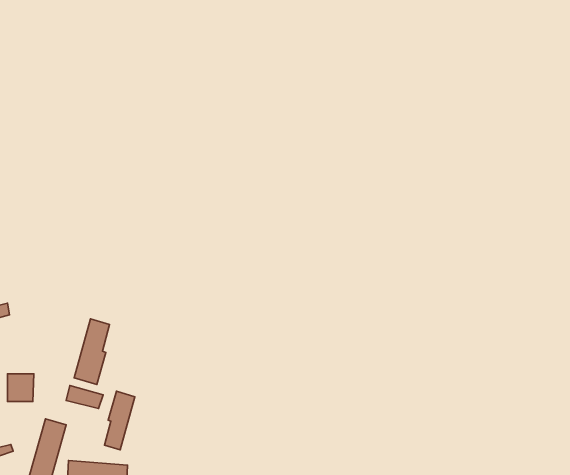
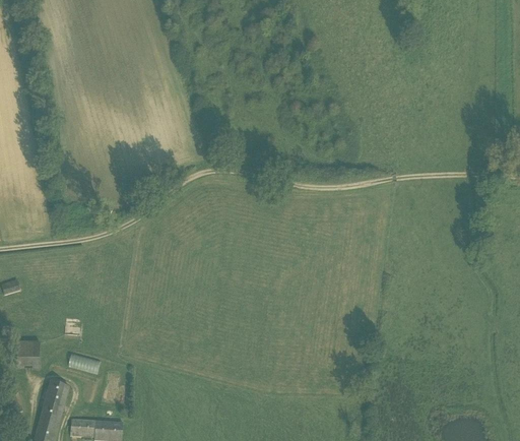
building: [74,319,110,385] -> none
building: [105,391,135,450] -> none

